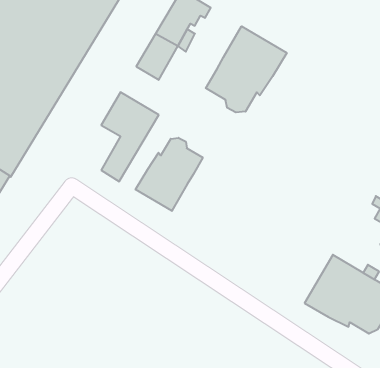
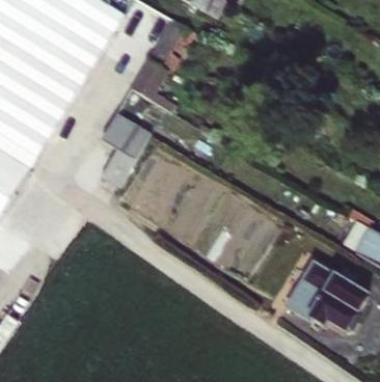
building: [206,26,287,112] -> none
building: [136,138,203,211] -> none

